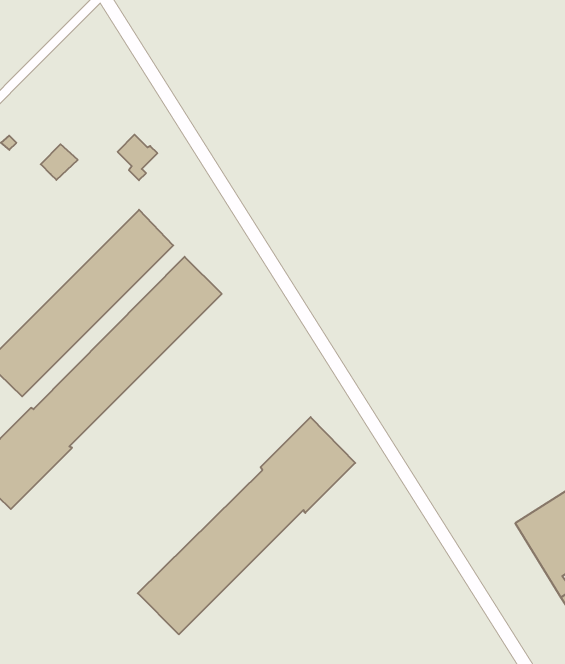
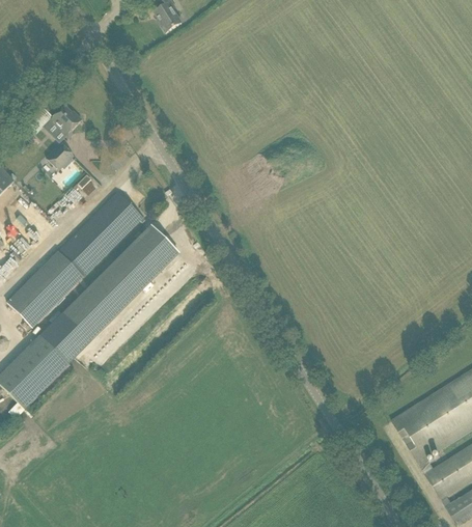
building: [118,135,157,180] -> [53,105,82,138]
building: [138,417,355,634] -> none

